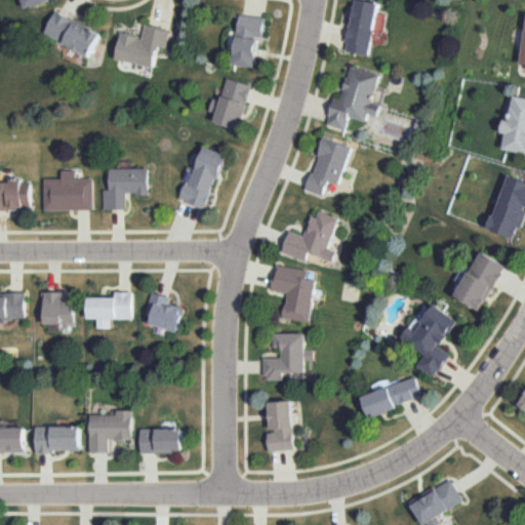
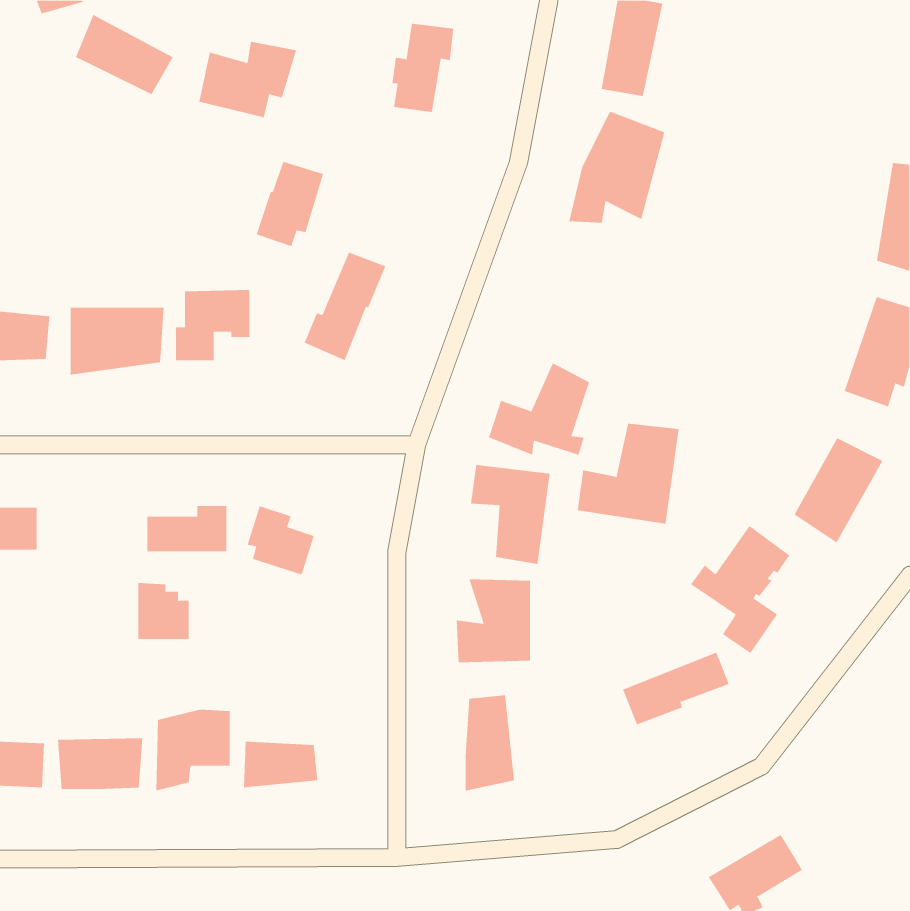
building: [208,78,247,127] -> [256,161,324,247]
building: [305,137,352,199] -> none
building: none -> [577,423,679,524]
building: [41,290,71,323] -> [138,582,189,640]

